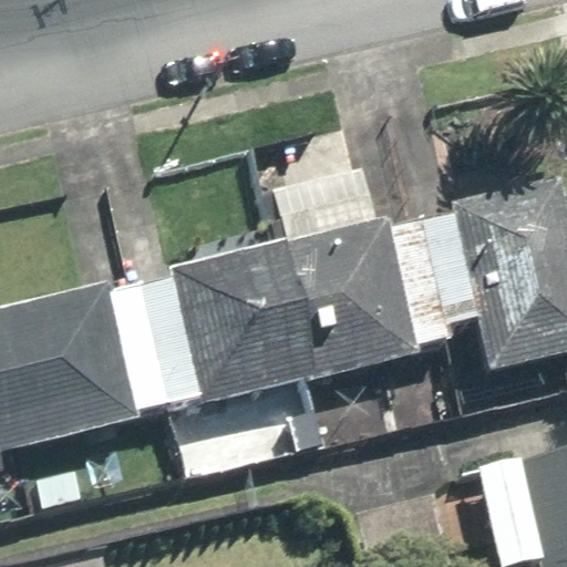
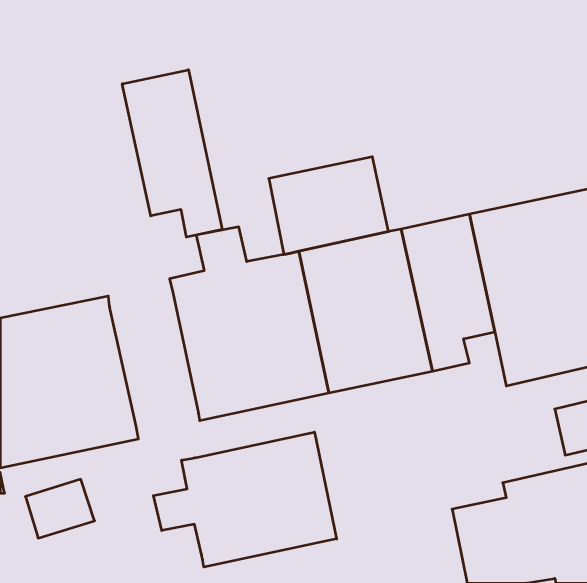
building: none -> [122,70,222,237]
building: [107,281,193,410] -> none
building: none -> [153,432,337,567]

